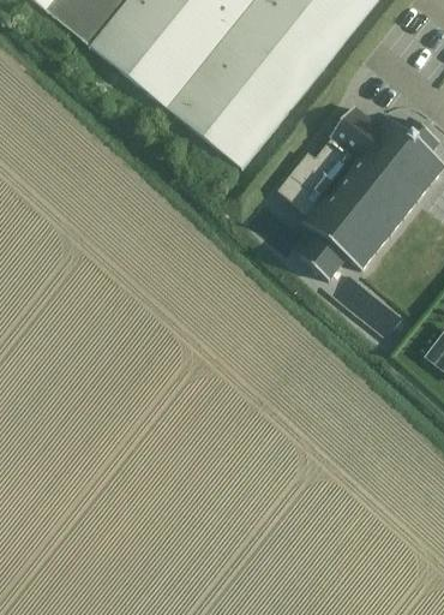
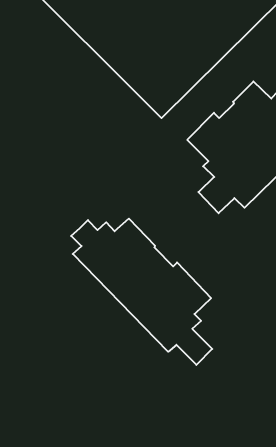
building: none -> [71,219,212,365]

